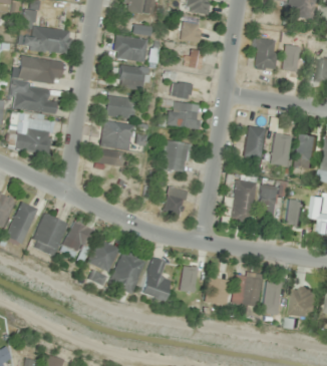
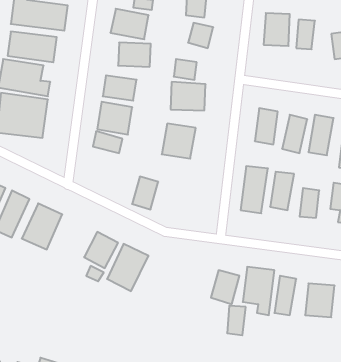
building: [161,187,186,217] -> [132,177,158,209]
building: [60,222,94,261] -> none
building: [138,258,171,303] -> none
building: [180,266,197,293] -> [227,306,246,335]

